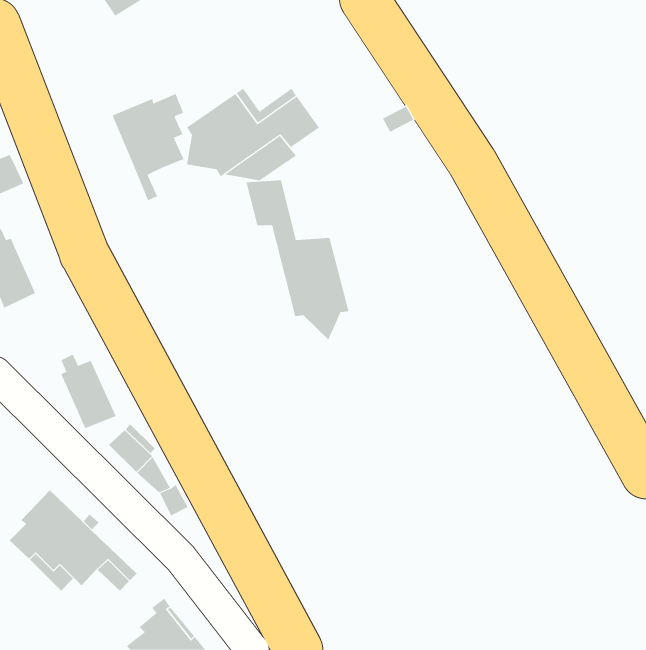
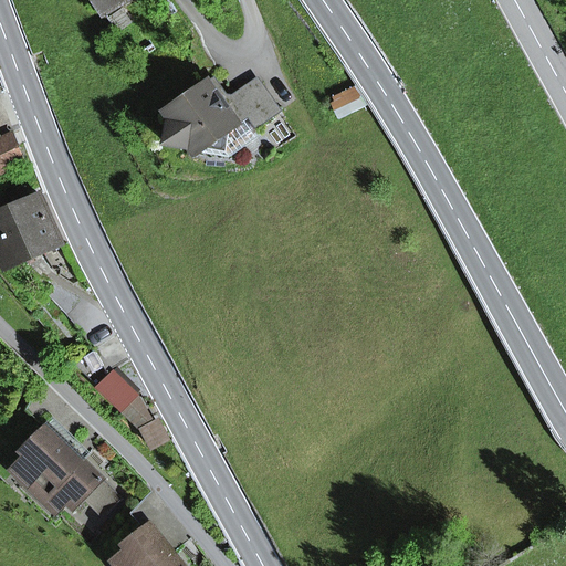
building: [112,93,184,201] -> none
building: [246,180,349,341] -> none
building: [61,354,117,429] -> [10,189,59,254]

